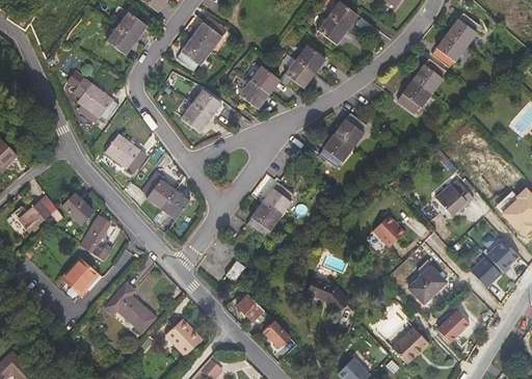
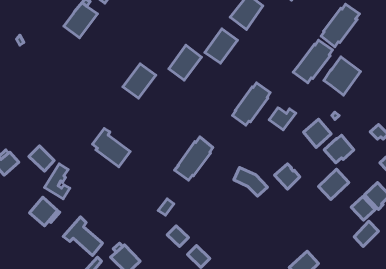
building: [176,16,224,70] -> none
building: [66,70,121,126] -> none
building: none -> [324,57,361,95]
building: [103,132,147,171] -> none
building: none -> [269,108,296,130]
building: none -> [303,119,331,147]
building: [407,265,446,303] -> [318,169,349,200]
building: [307,276,349,313] -> [234,168,267,196]
building: [437,309,469,342] -> [354,221,379,247]

